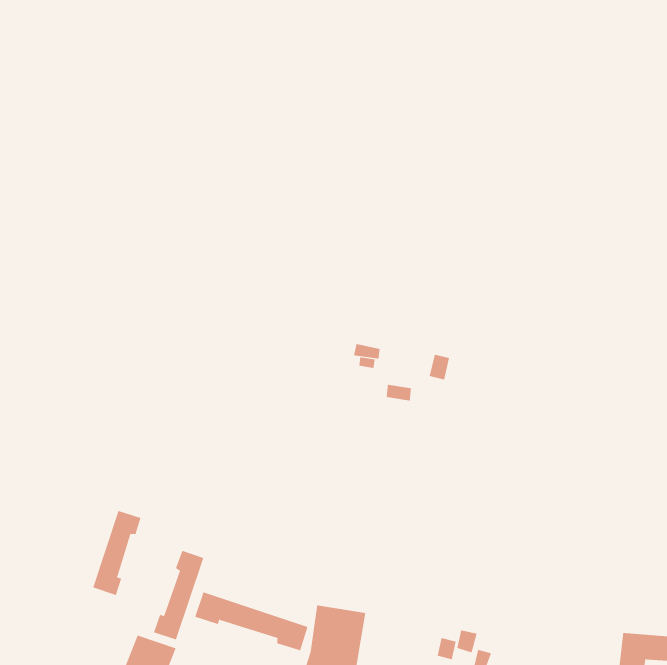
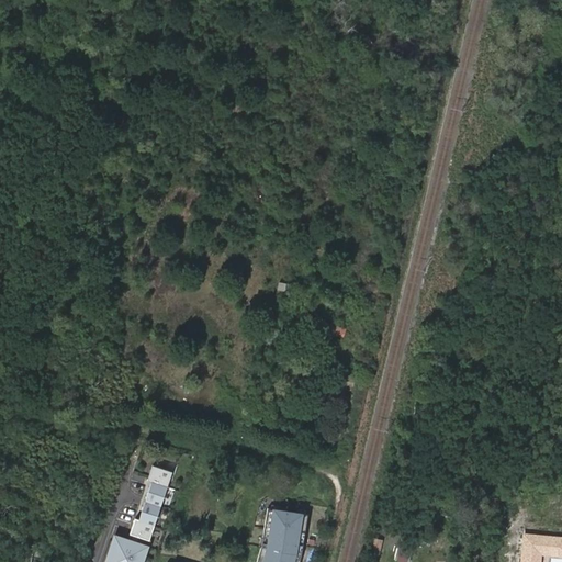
building: [92,510,141,596] -> none
building: [195,592,308,651] -> none

